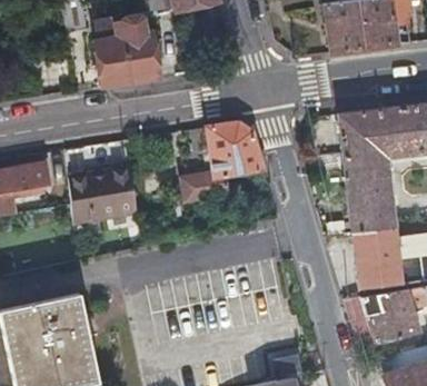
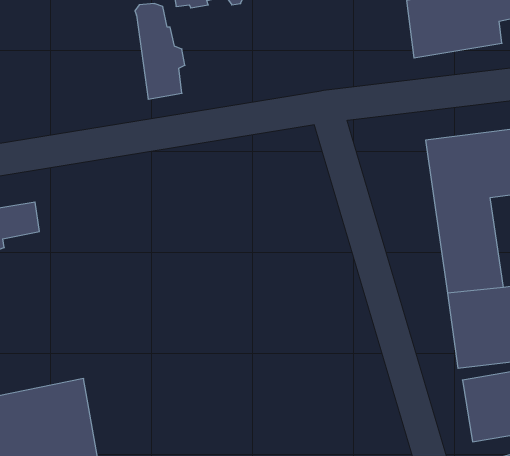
building: [97,21,130,89] -> none
building: [178,122,267,199] -> none
building: [71,165,140,221] -> none

